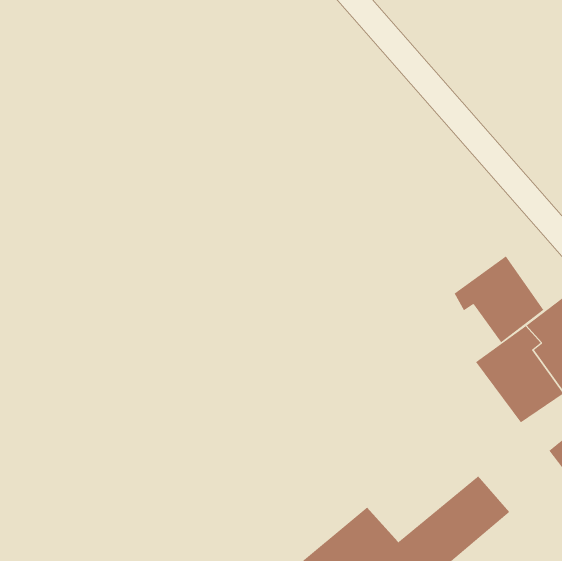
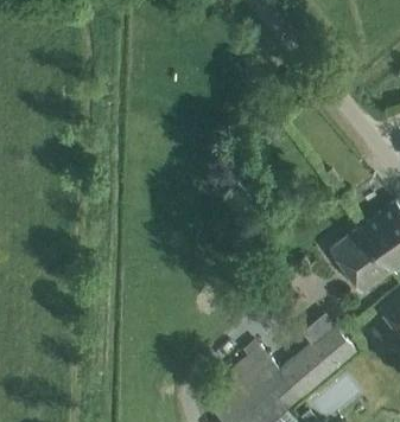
building: [454,256,544,343] -> none

